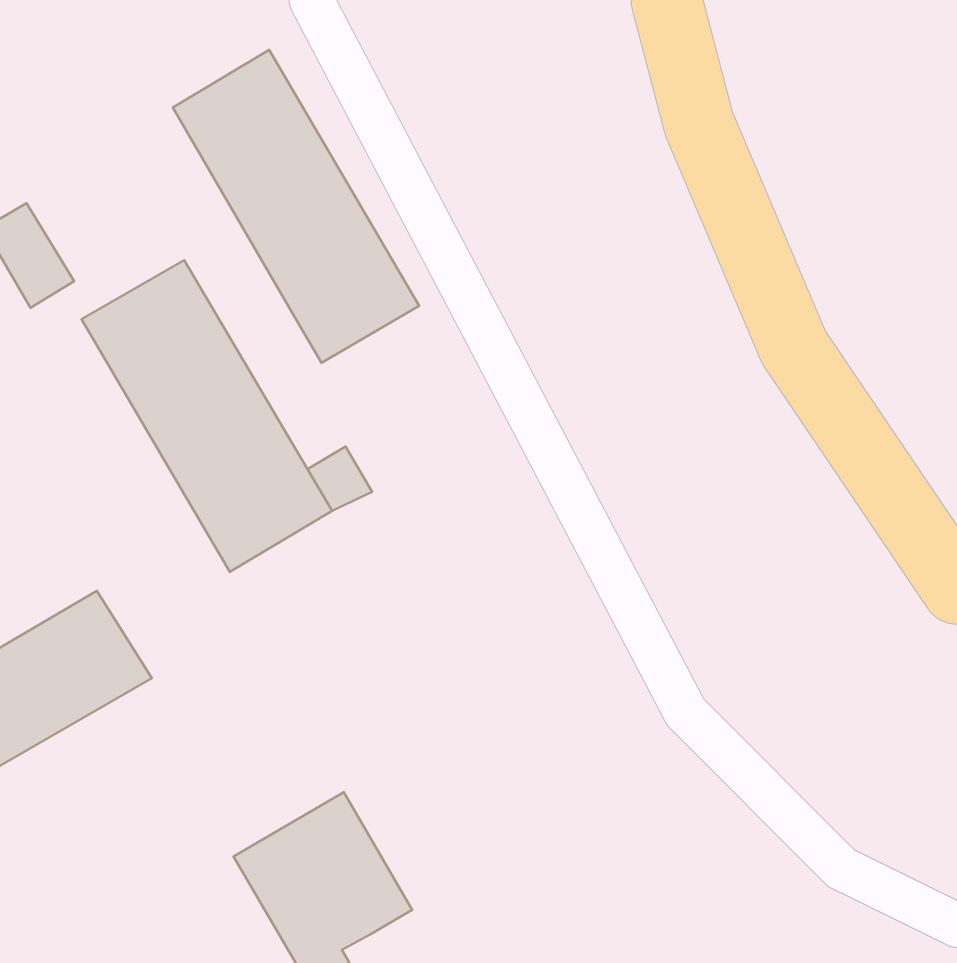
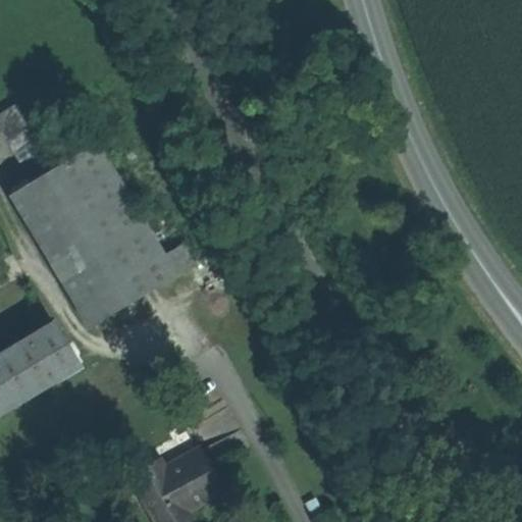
building: [173,50,419,363] -> none
building: none -> [11,175,123,330]

